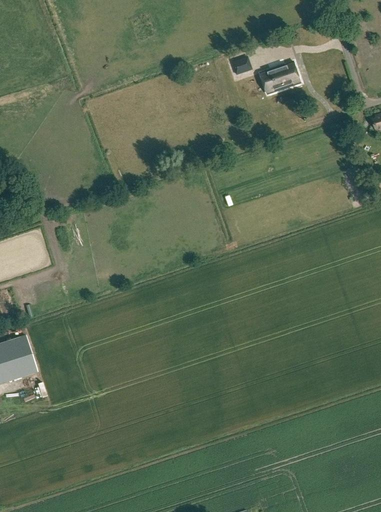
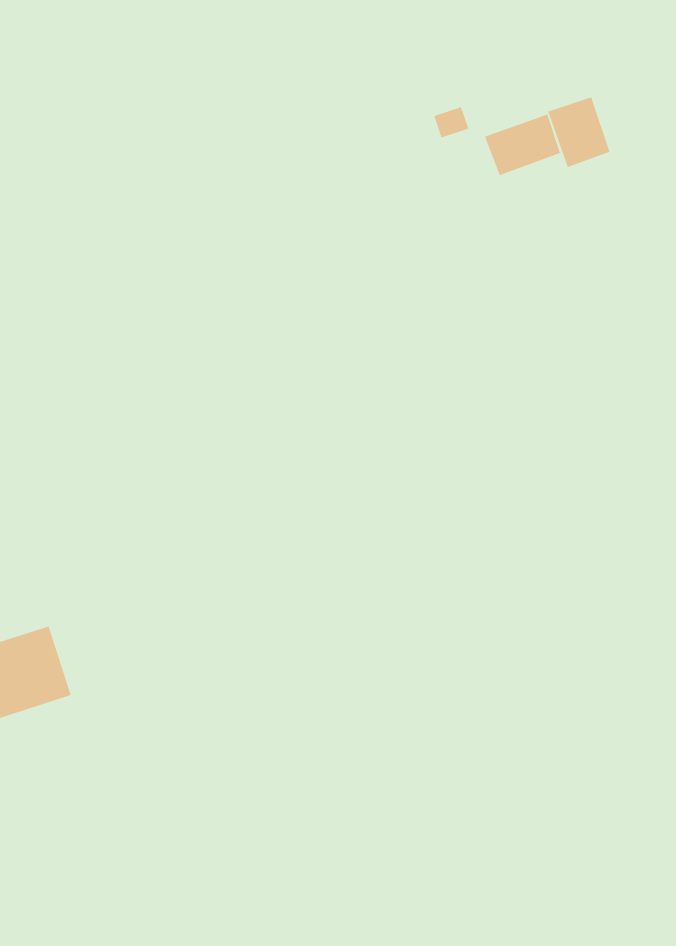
building: none -> [548,97,610,168]

